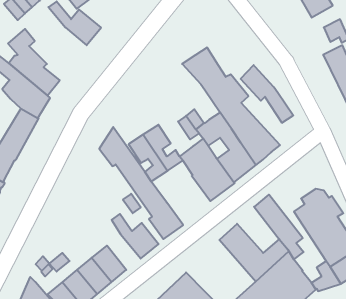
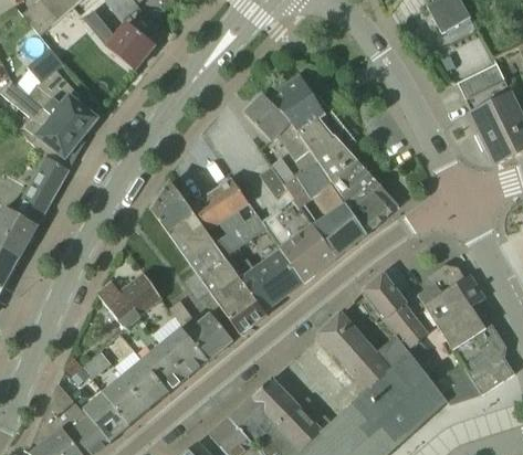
building: [241,65,293,123] -> [244,93,316,171]
building: none -> [238,247,303,314]
building: none -> [96,274,163,327]
building: none -> [161,327,208,375]

